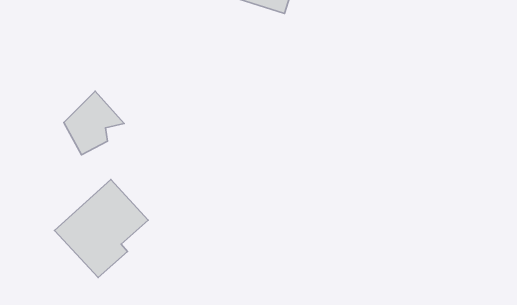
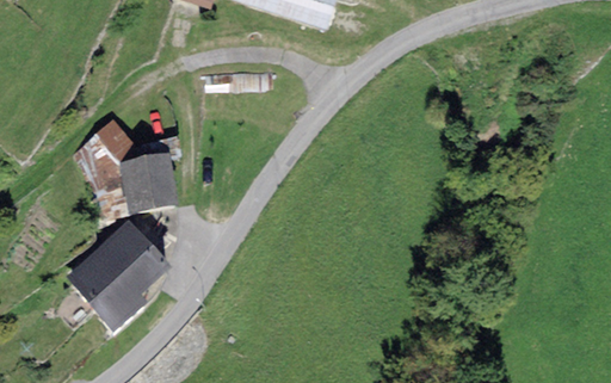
building: none -> [122,150,178,210]

